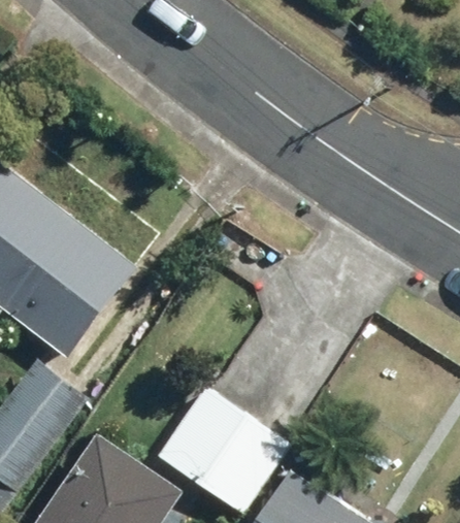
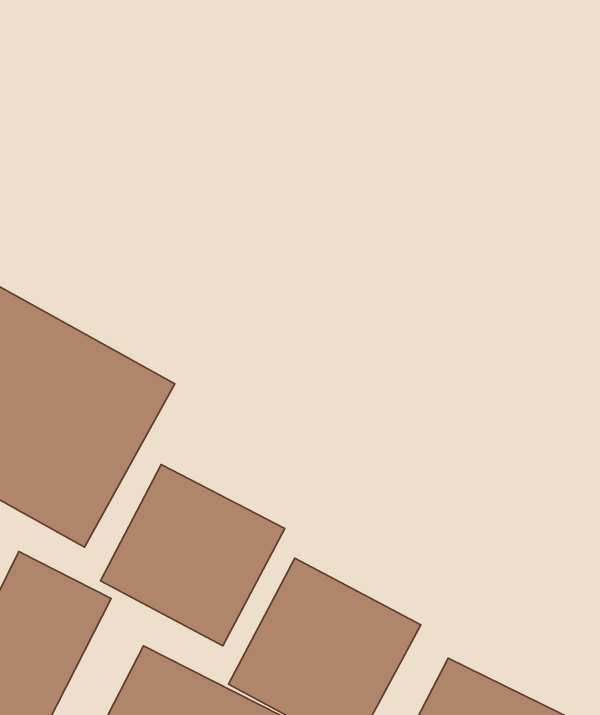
building: none -> [101,465,285,646]

